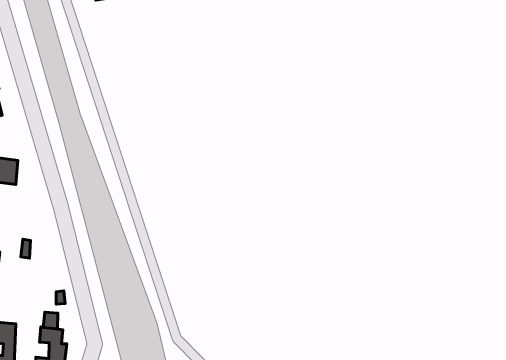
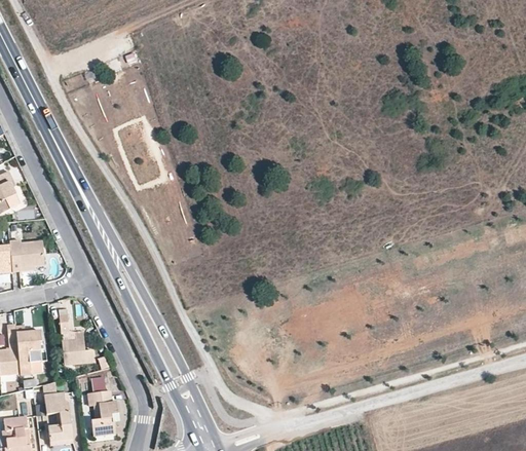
building: none -> [62,330,92,365]

